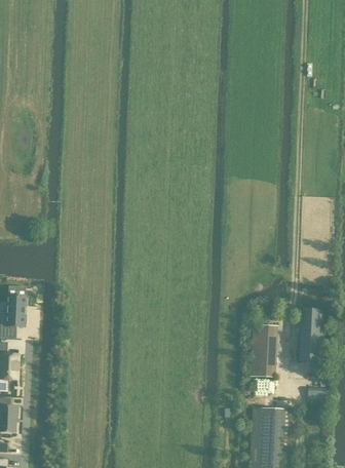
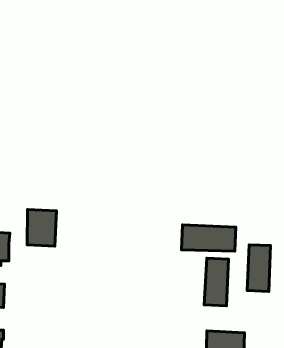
building: none -> [27,209,56,246]
building: none -> [182,225,236,251]

